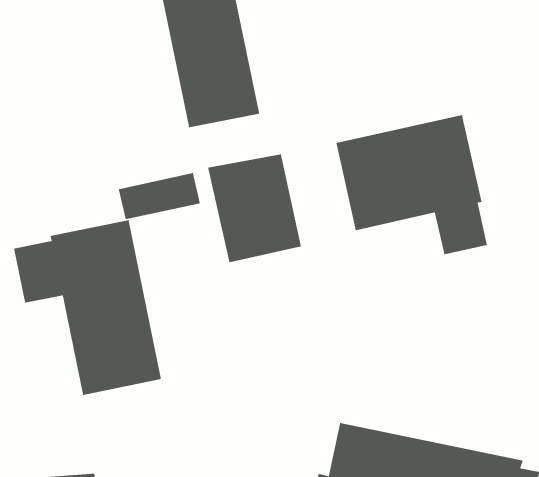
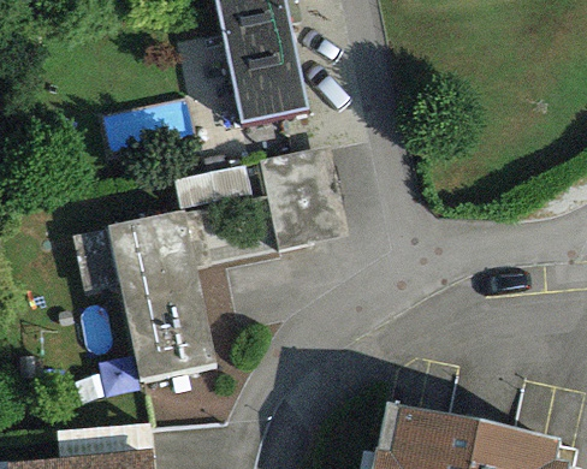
building: [335,114,488,255] -> none

